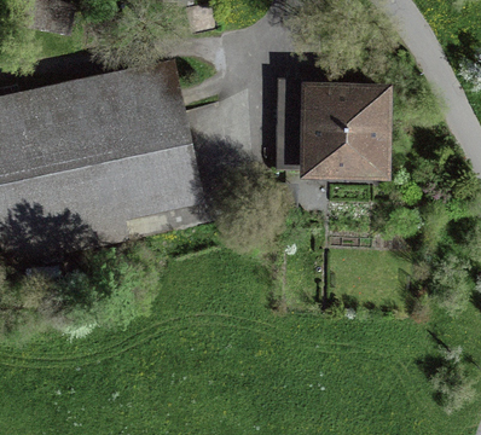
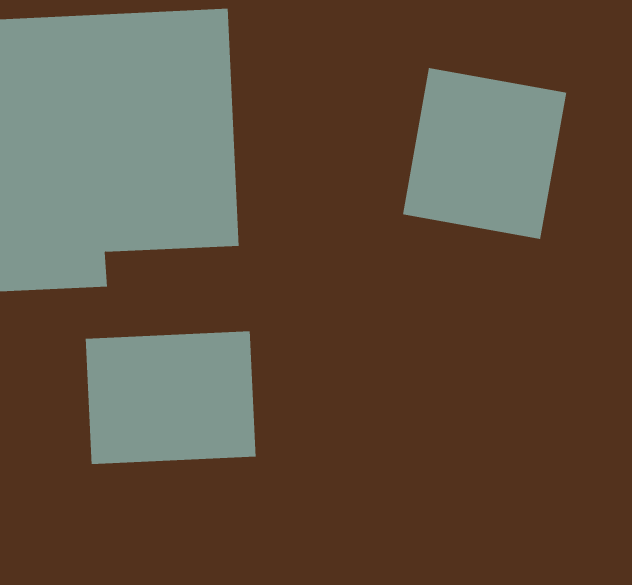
building: none -> [85,330,256,465]

